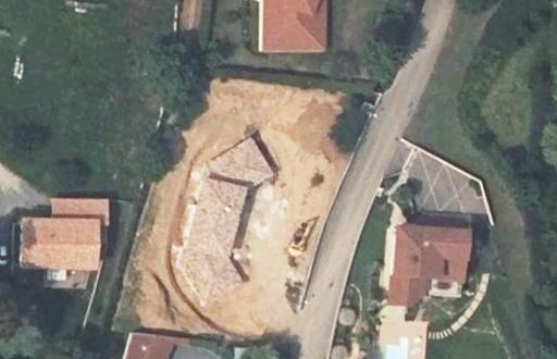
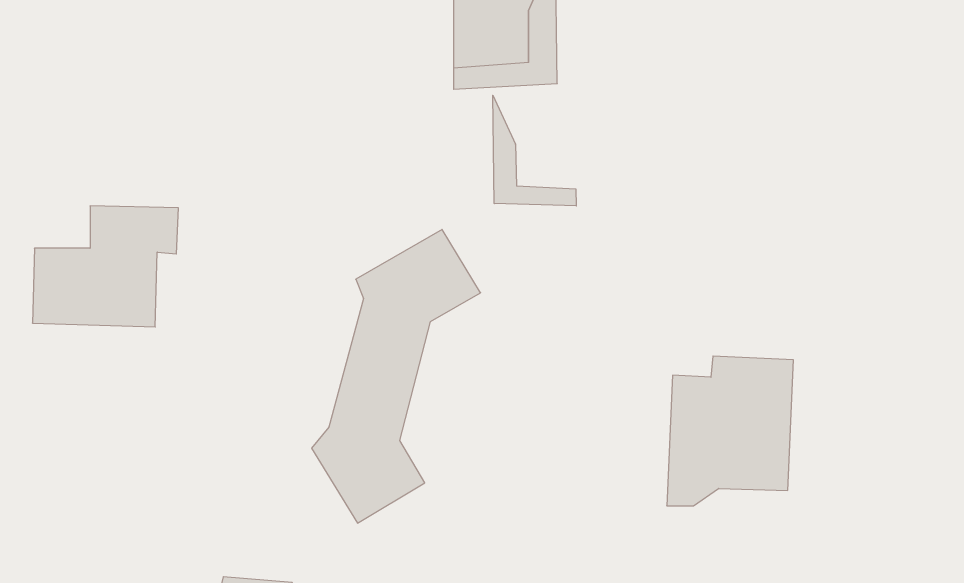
building: none -> [493,95,576,206]
building: [21,201,103,270] -> [32,206,178,327]

